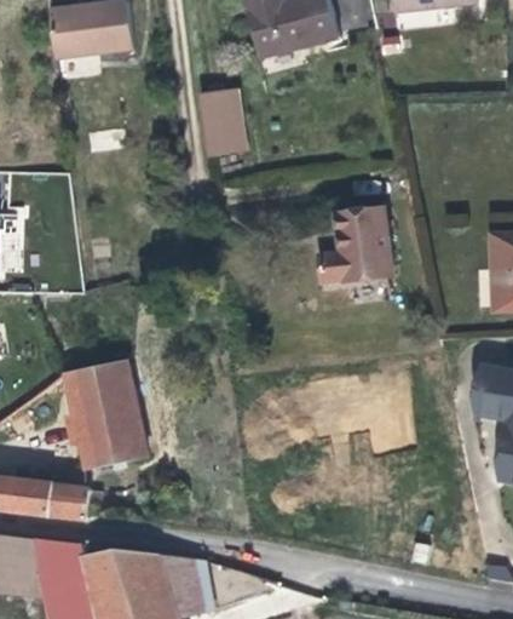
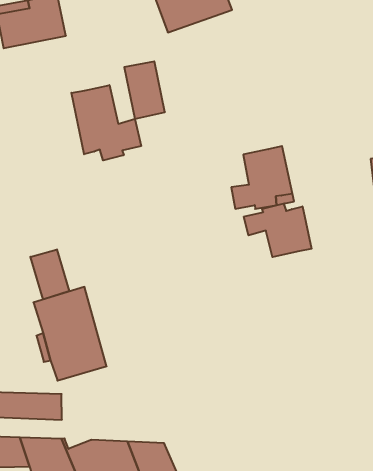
building: none -> [71,85,141,160]
building: none -> [244,204,312,257]
building: none -> [30,249,69,299]

